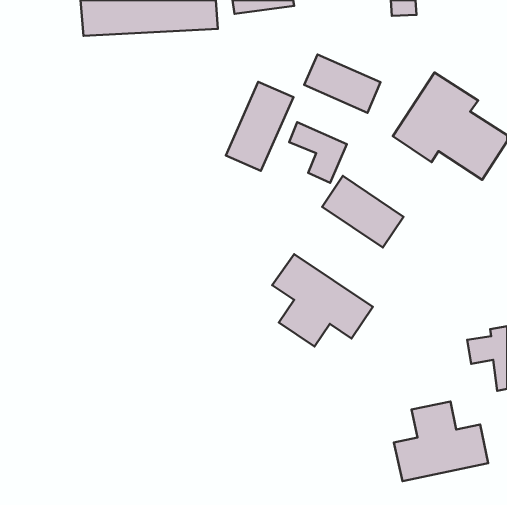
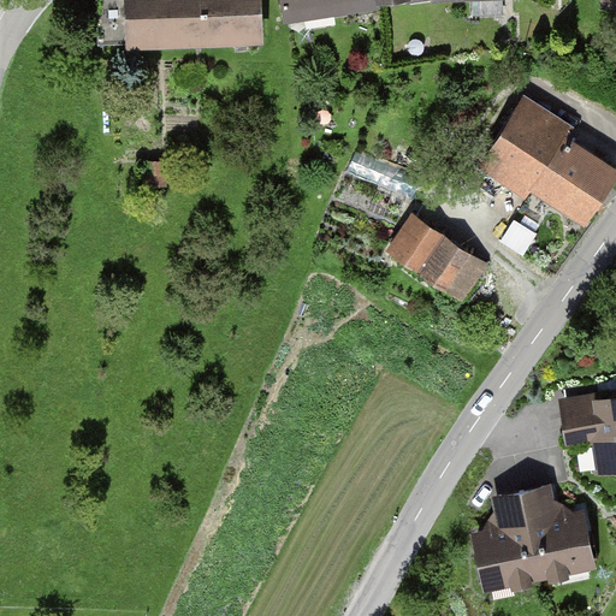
building: [304,54,381,113] -> none
building: [226,82,293,171] -> none
building: [272,254,373,346] -> none

